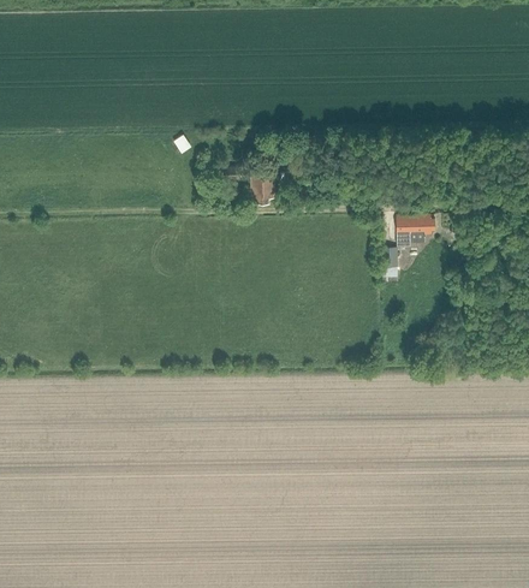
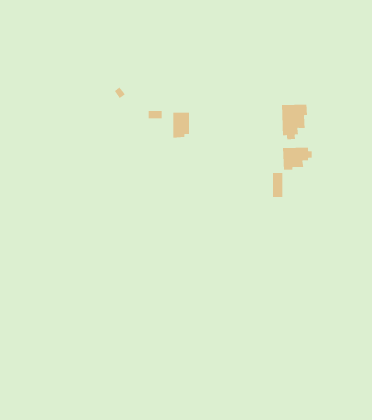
building: none -> [281,104,308,140]

